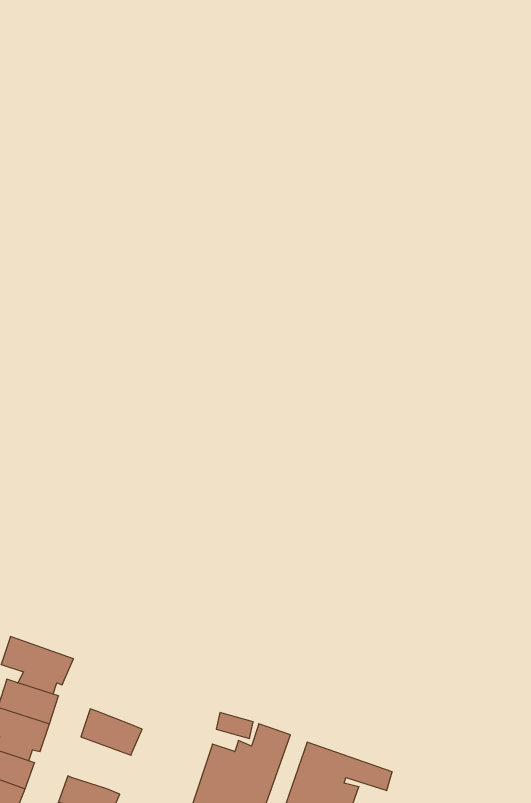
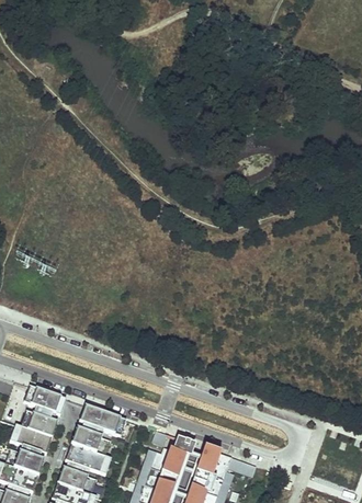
building: none -> [79,404,122,436]
building: none -> [65,444,108,475]

